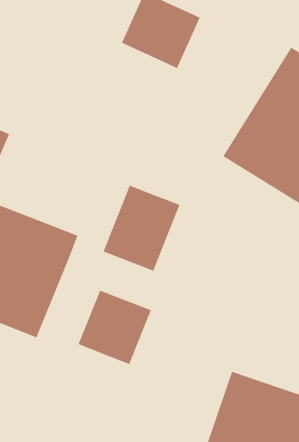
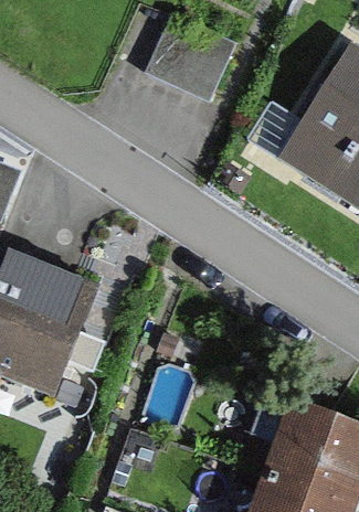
building: [103,185,180,272] -> none
building: [78,290,151,365] -> none

